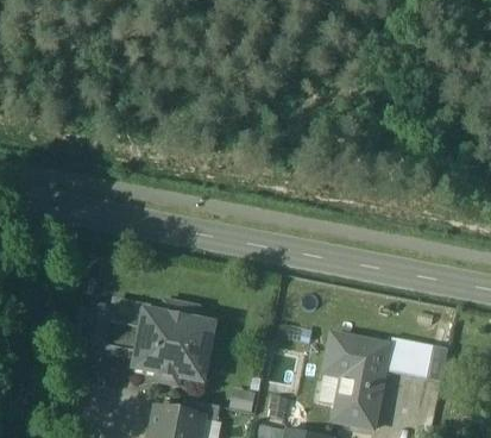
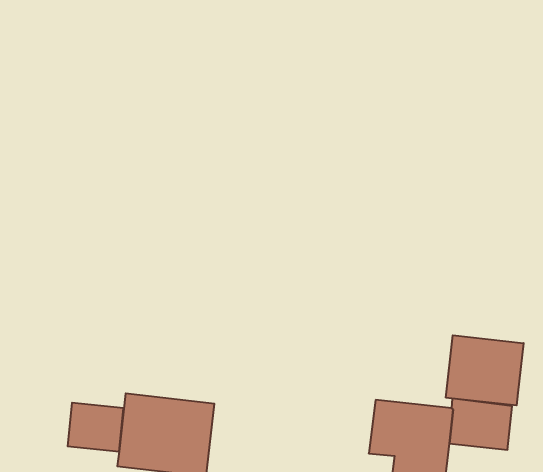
building: none -> [446,335,524,405]

